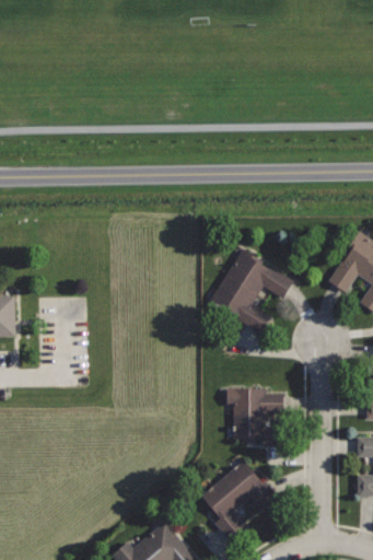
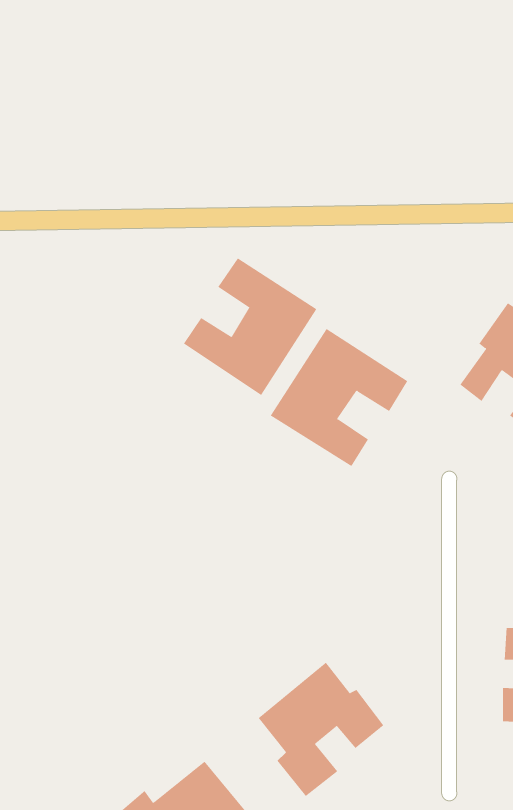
building: none -> [183,258,317,396]
building: [228,389,289,446] -> none

